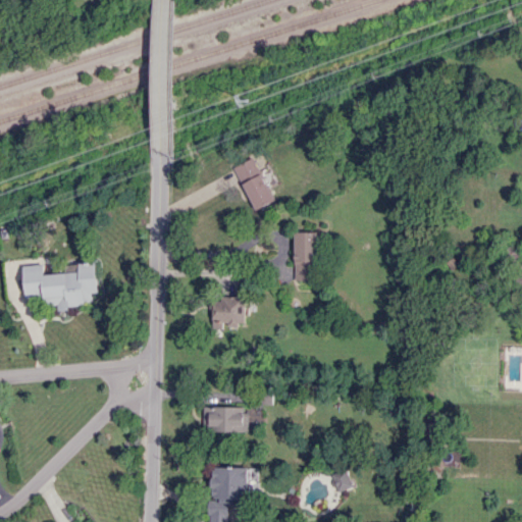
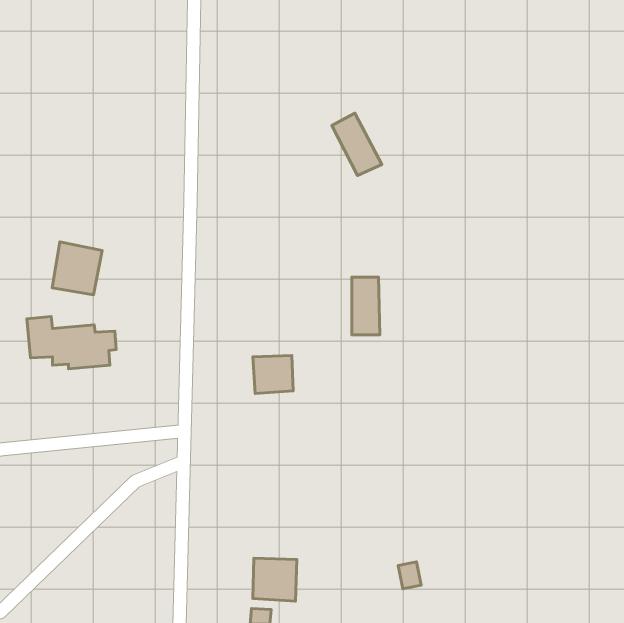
building: [232,158,274,210] -> [332,113,382,175]
building: none -> [52,242,102,295]
building: [203,407,247,432] -> none

